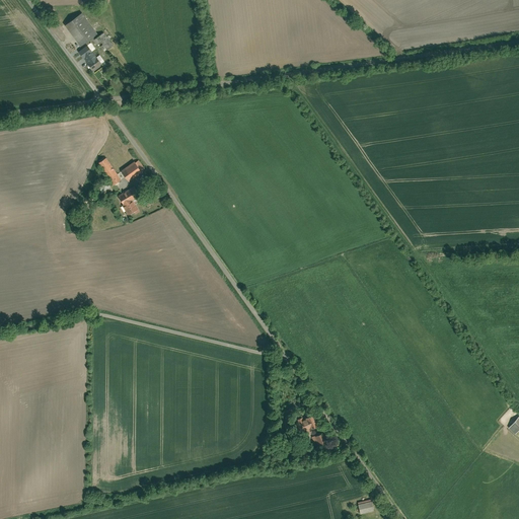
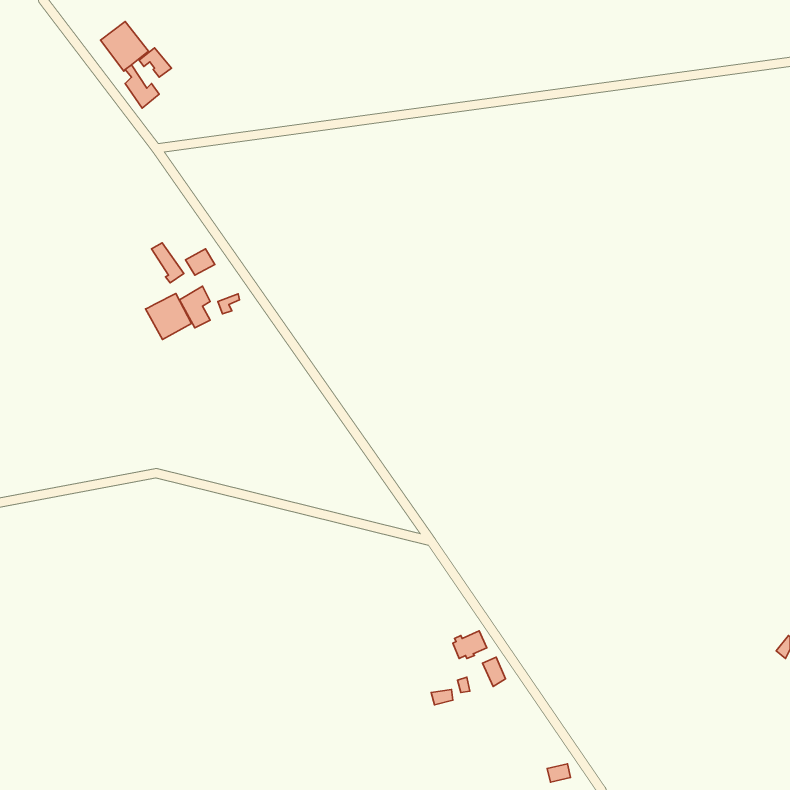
building: none -> [145,293,191,340]

